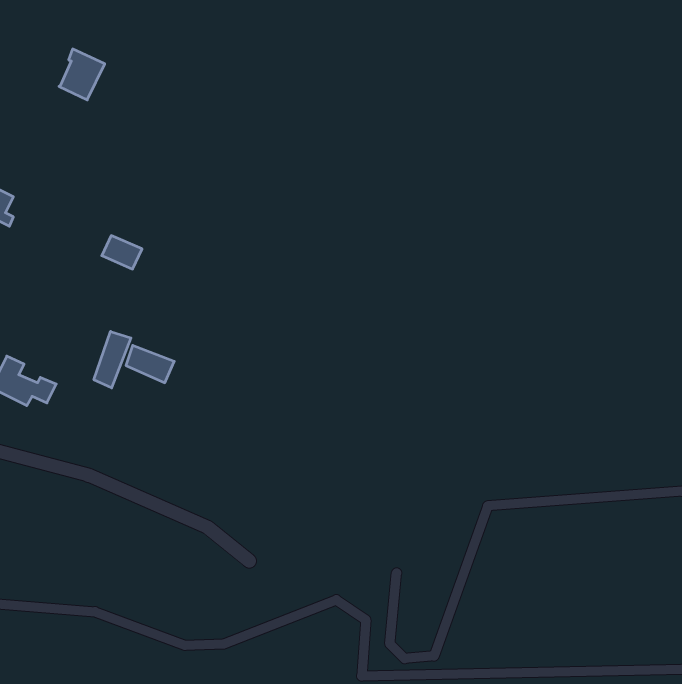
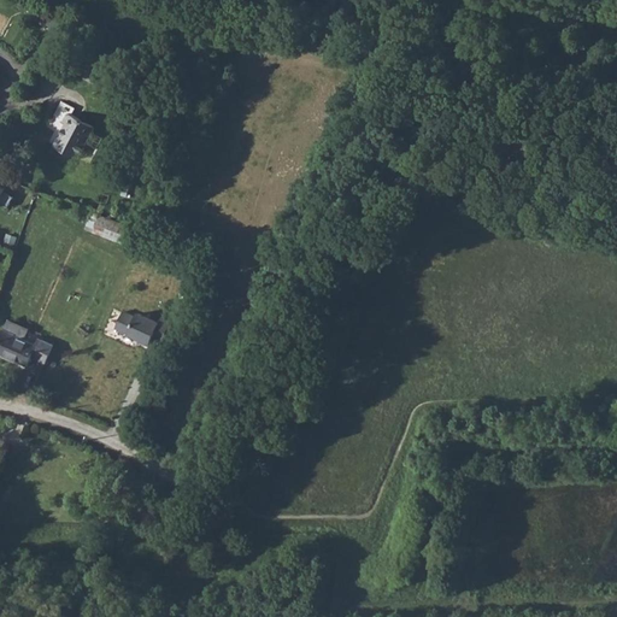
building: [59,49,105,100] -> [49,112,90,158]
building: [94,331,131,388] -> none

